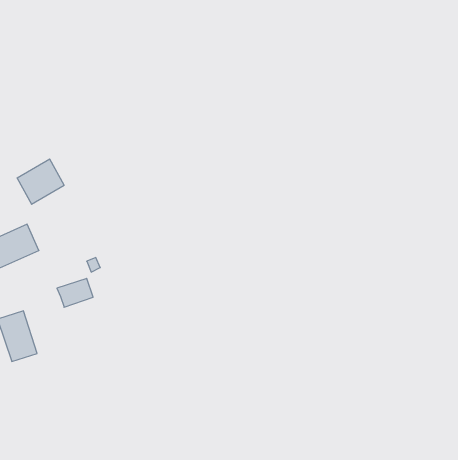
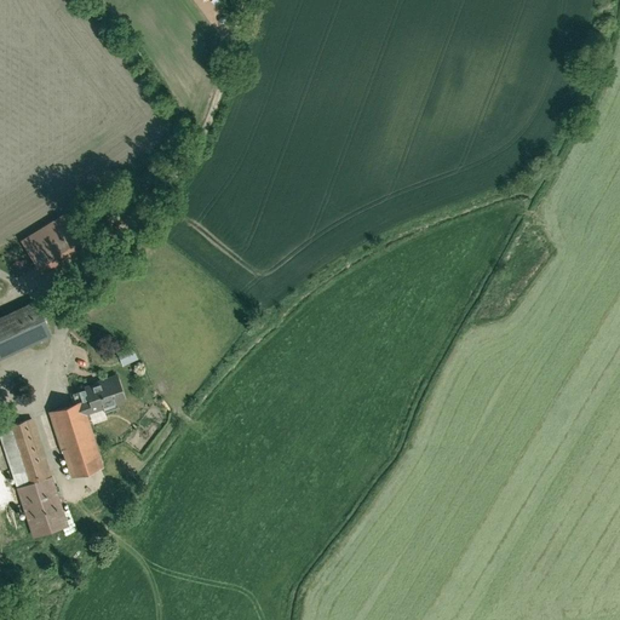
building: none -> [50,400,103,477]
building: none -> [16,476,68,539]

